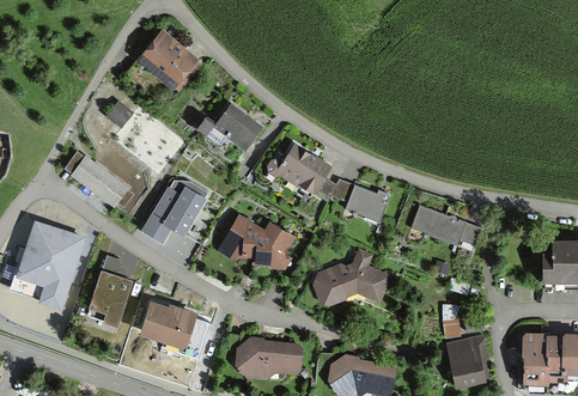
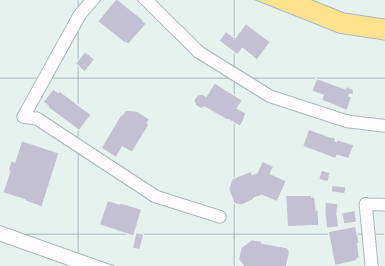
building: [194,100,263,150] -> [219,24,270,60]
building: [333,179,390,223] -> [312,78,354,110]
building: [219,213,297,270] -> none
building: [87,254,133,322] -> none
building: none -> [286,195,318,227]
building: [235,336,303,380] -> none

